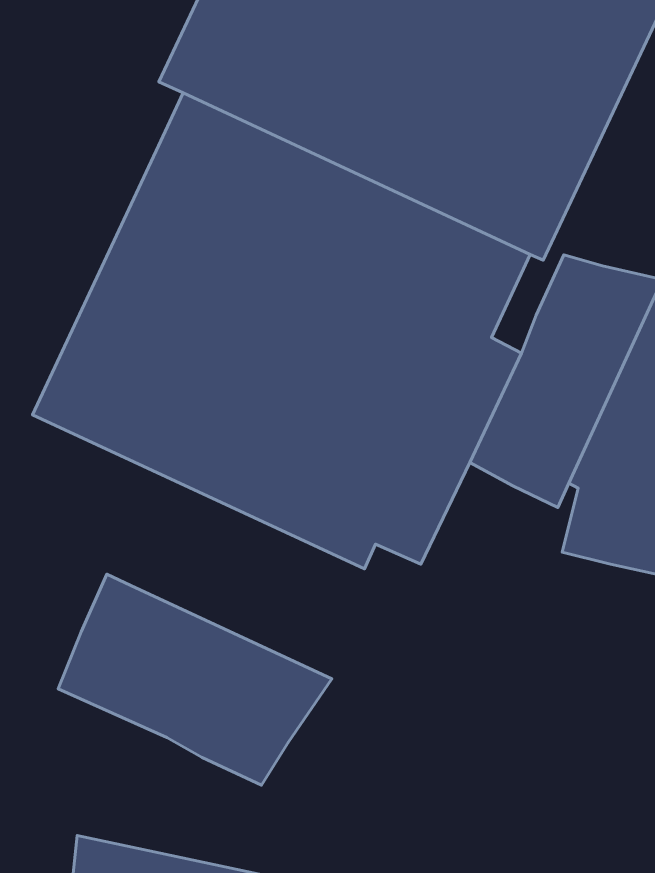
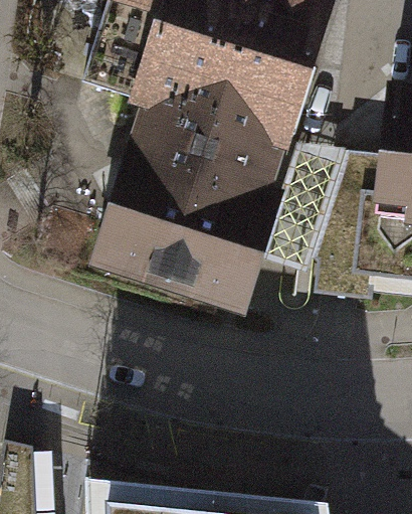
building: [58,574,332,785] -> none

